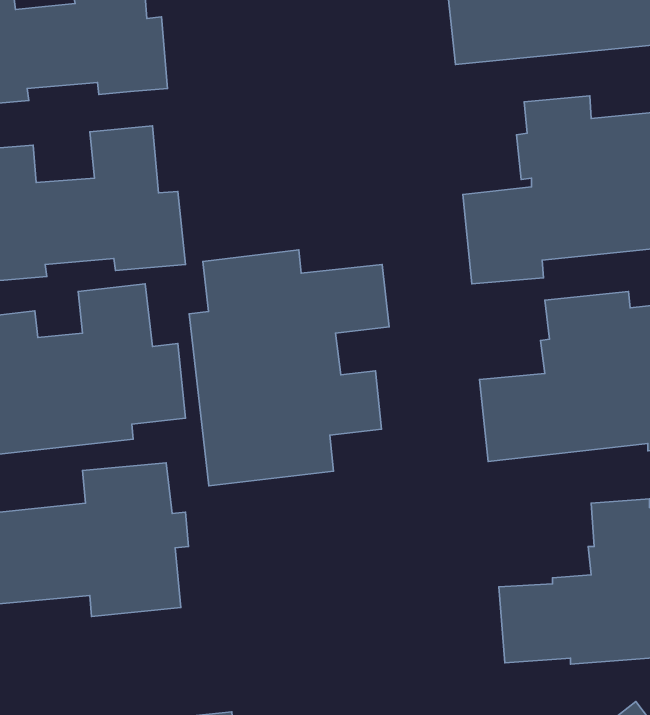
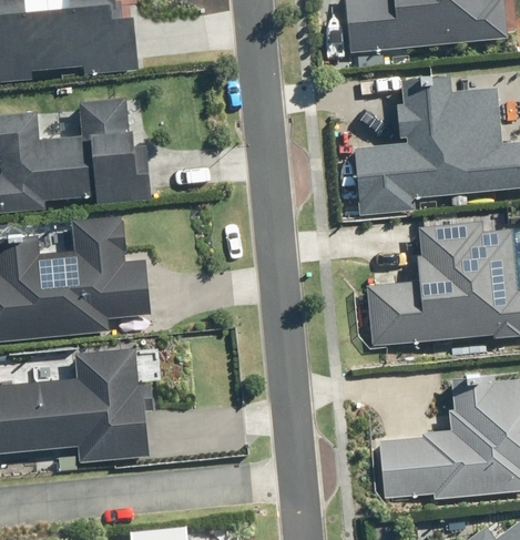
building: [189,250,389,486] -> none

